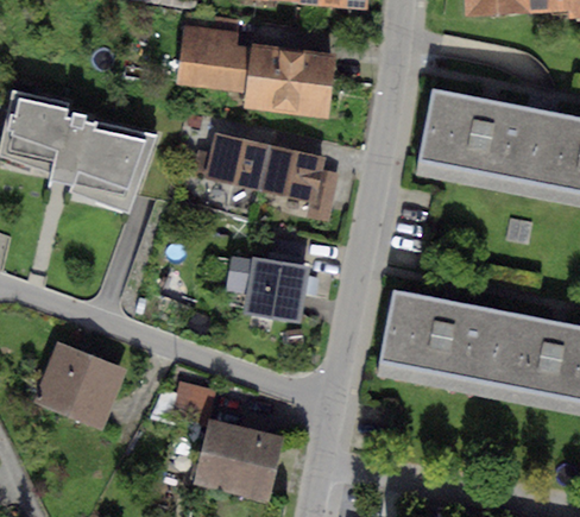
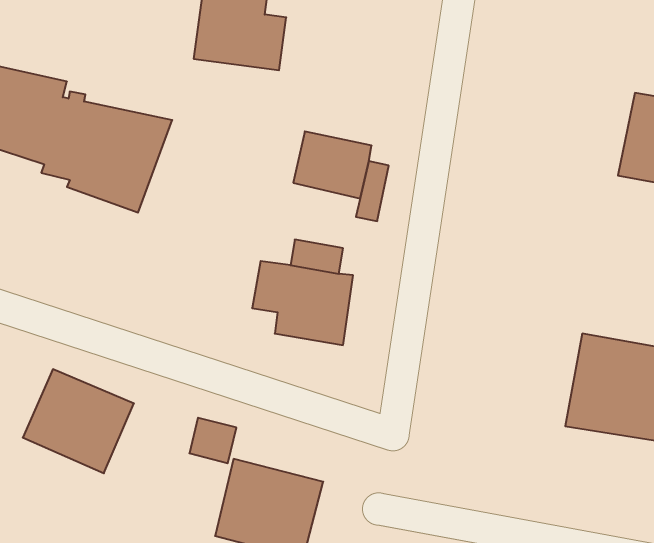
building: [246,43,335,114] -> none
building: [421,90,544,182] -> none
building: [194,132,269,188] -> none
building: [377,292,500,391] -> none

